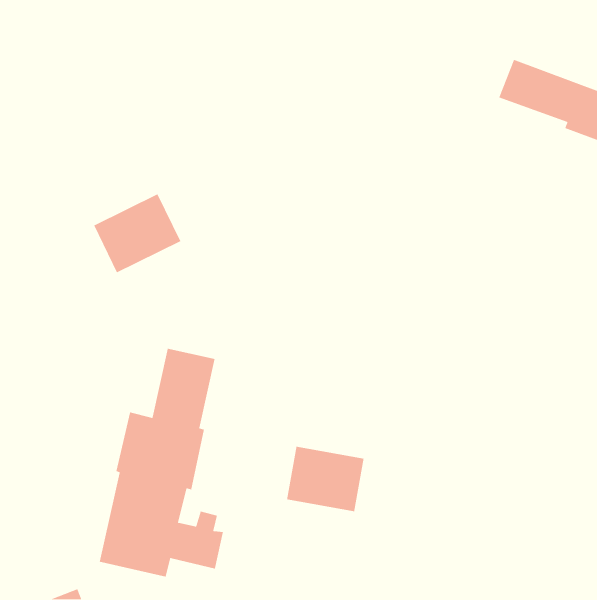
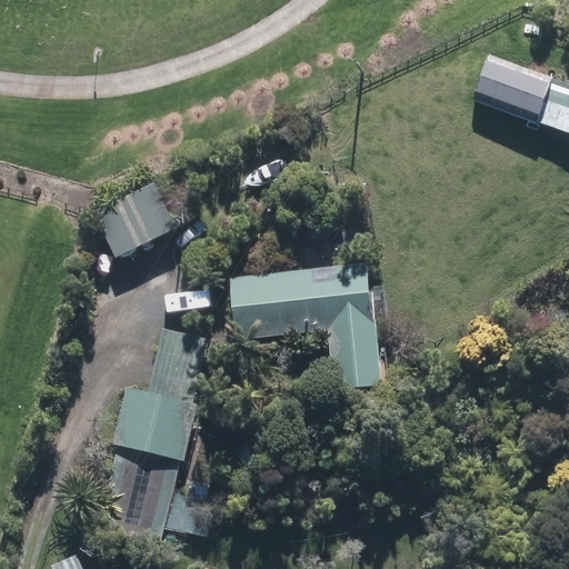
building: none -> [229,263,381,392]
building: [286,446,365,512] -> none

